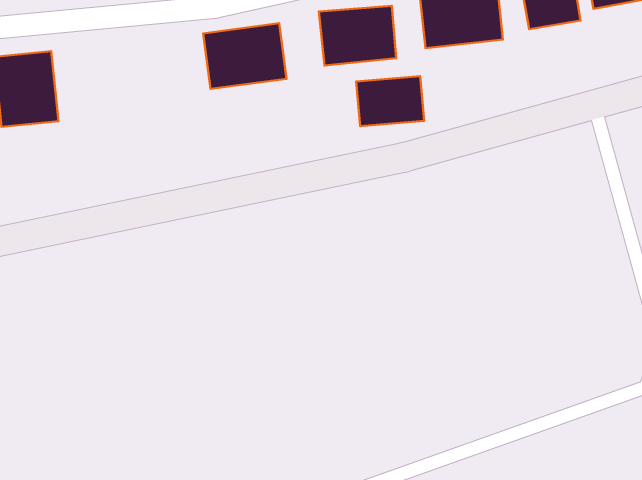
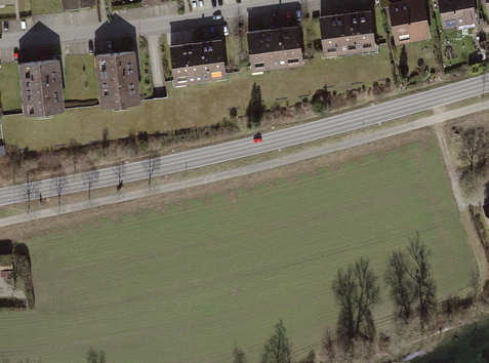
building: none -> [95,49,140,106]
building: [356,76,424,126] -> none

